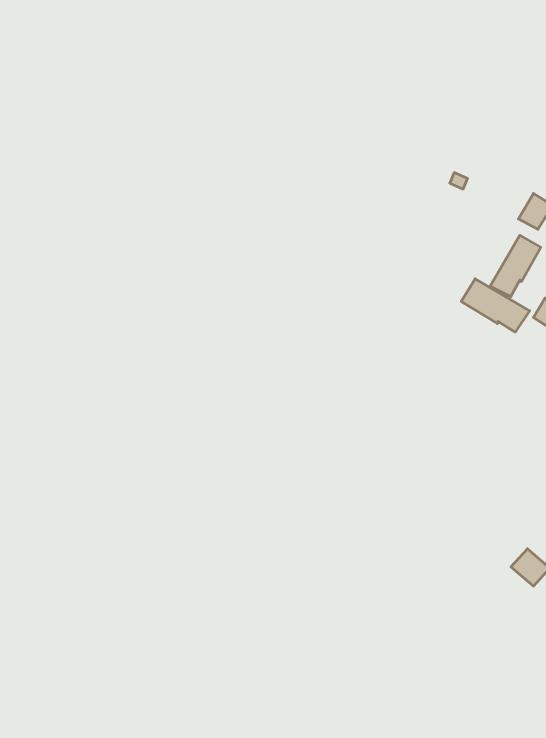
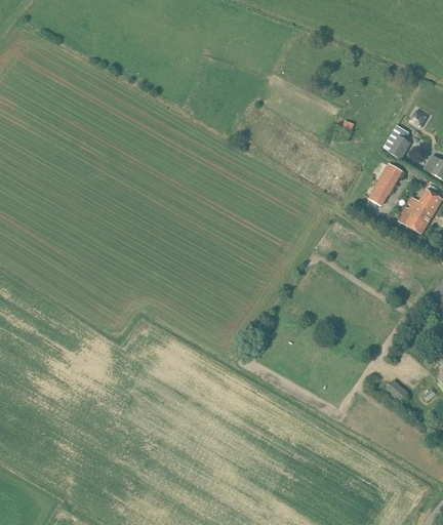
building: [461,279,530,332] -> none

